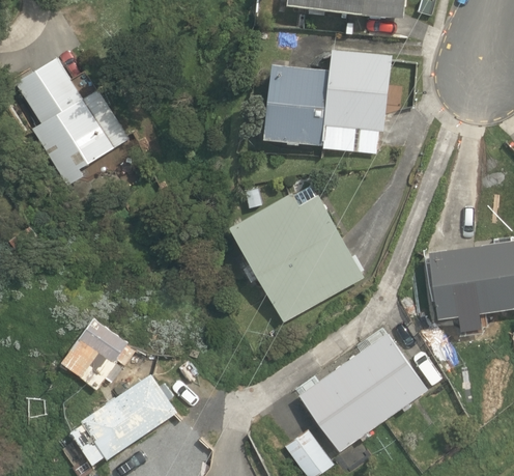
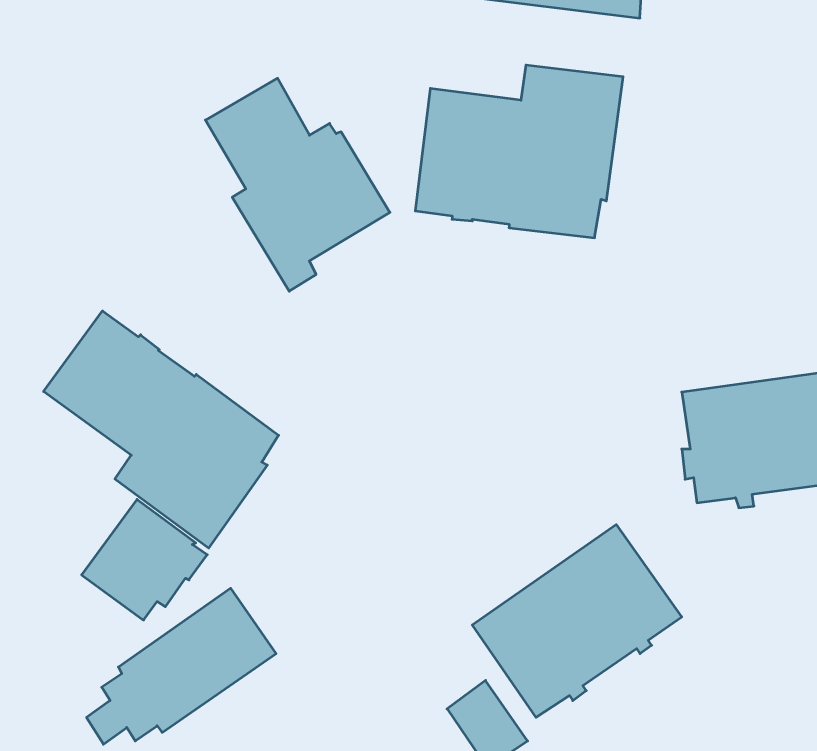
building: [15,56,128,188] -> [205,78,390,291]
building: [230,187,363,323] -> none
building: none -> [44,311,279,548]

